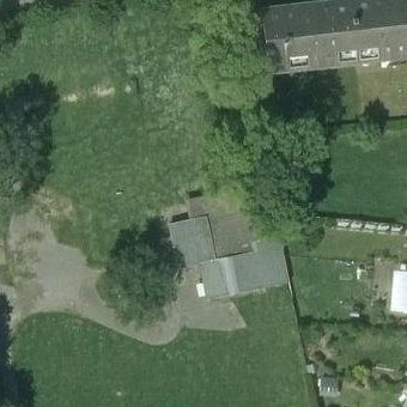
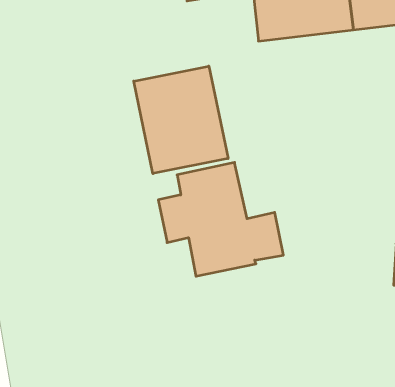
building: none -> [134,66,228,174]

